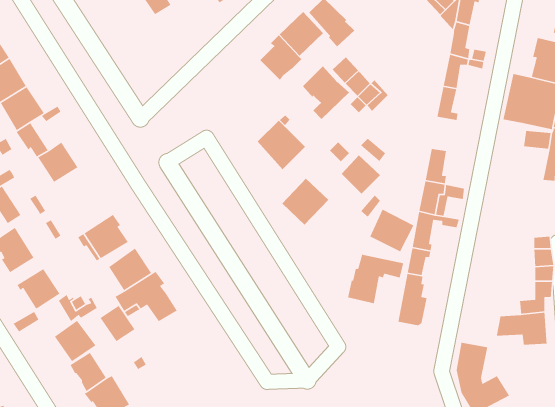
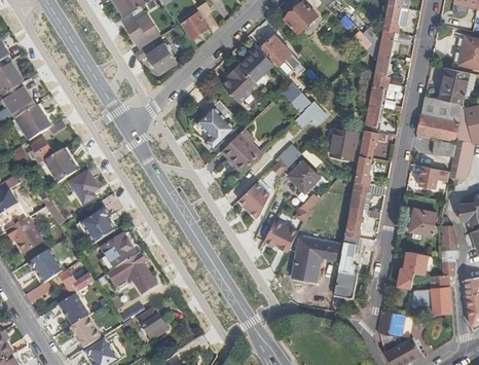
building: none -> [134,42,176,74]
building: [302,65,350,120] -> [196,106,234,149]
building: none -> [329,129,357,158]
building: none -> [359,130,384,156]
building: none -> [414,165,449,188]
building: none -> [70,170,100,204]
building: [369,209,415,252] -> [265,216,301,251]
building: none -> [409,207,436,234]
building: none -> [397,251,428,286]
building: [99,305,136,342] -> [139,309,168,339]

